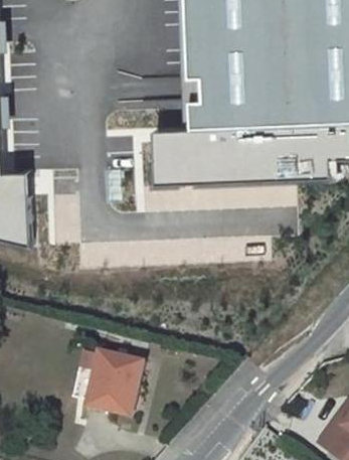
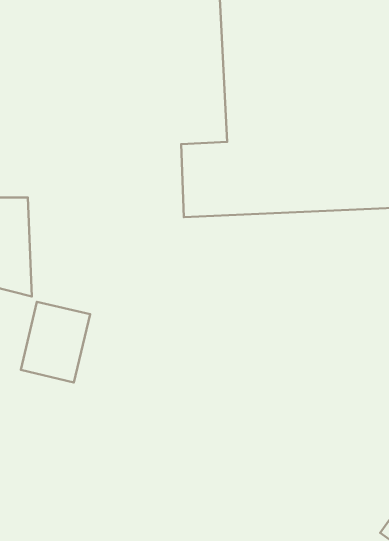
building: [82,348,139,414] -> [21,302,90,382]

